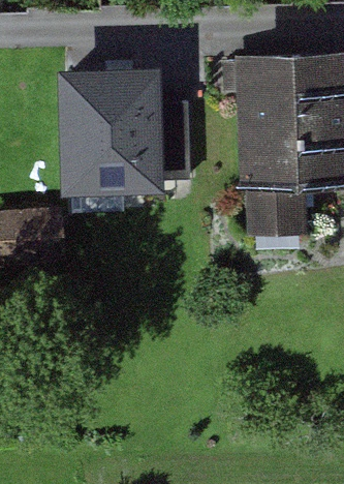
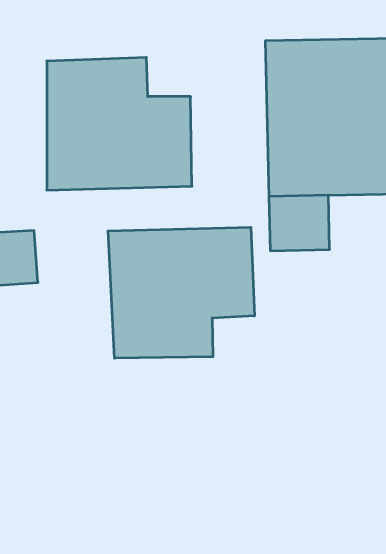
building: none -> [108,227,254,358]

